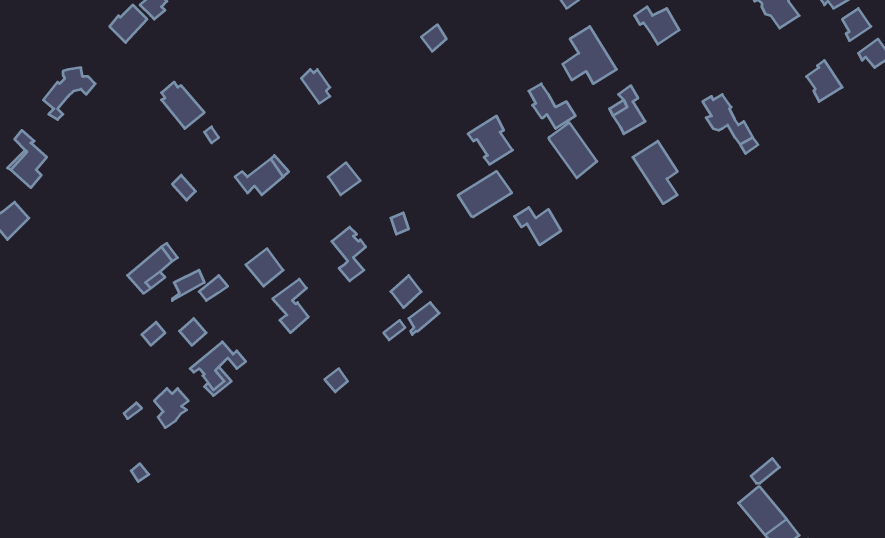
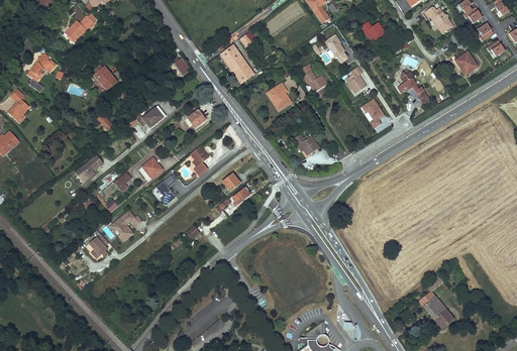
building: none -> [220,44,254,83]
building: [549,123,597,178] -> none
building: [458,171,512,217] -> none

